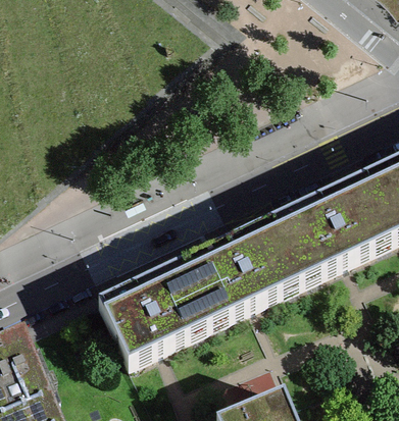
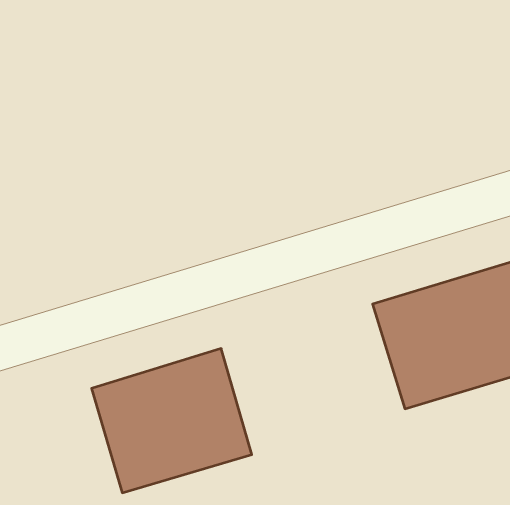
building: [178,224,300,331] -> none

